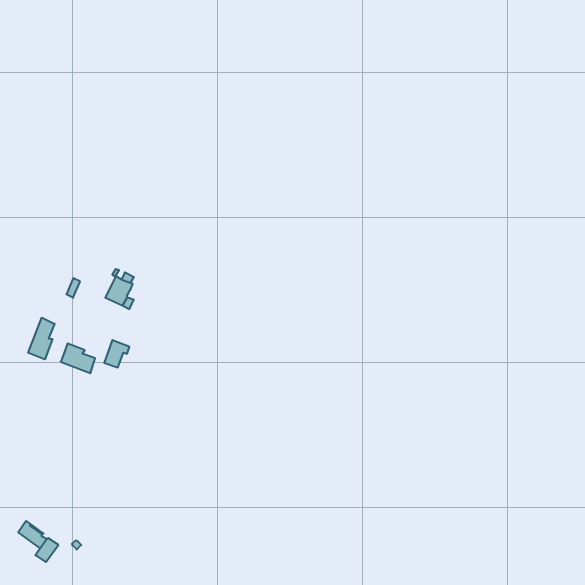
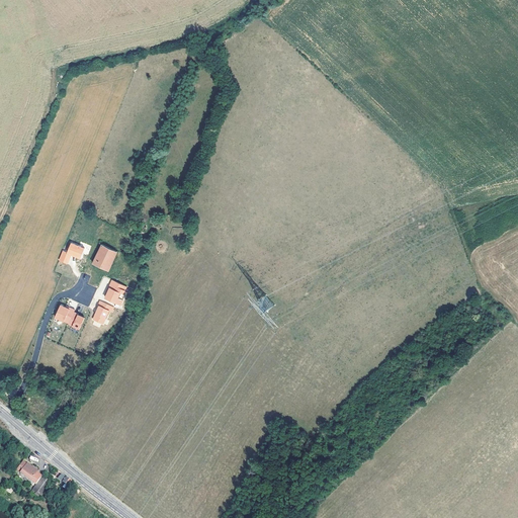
building: none -> [103,280,127,306]
building: [28,318,55,359] -> none

